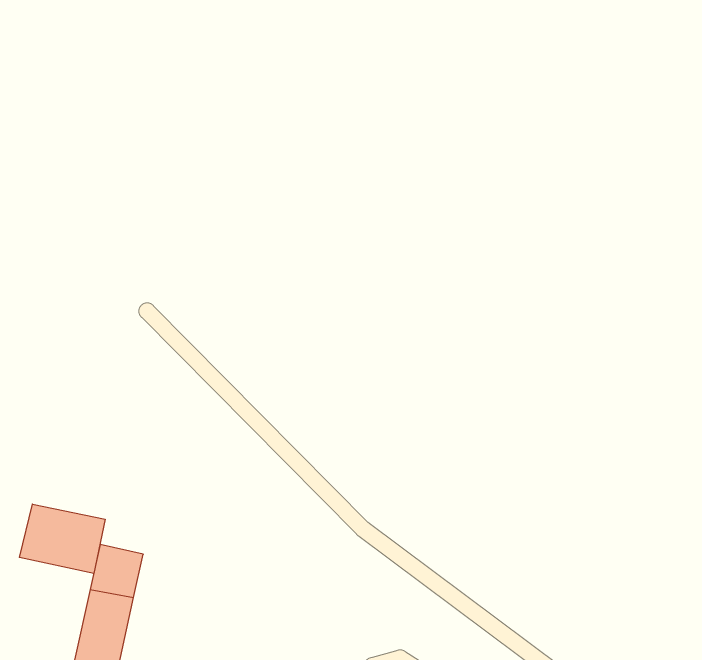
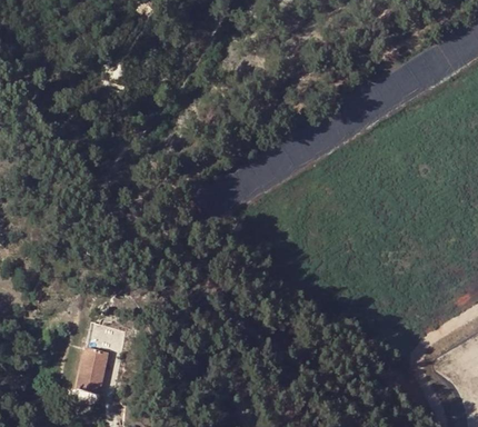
building: [19,504,105,574] -> none

